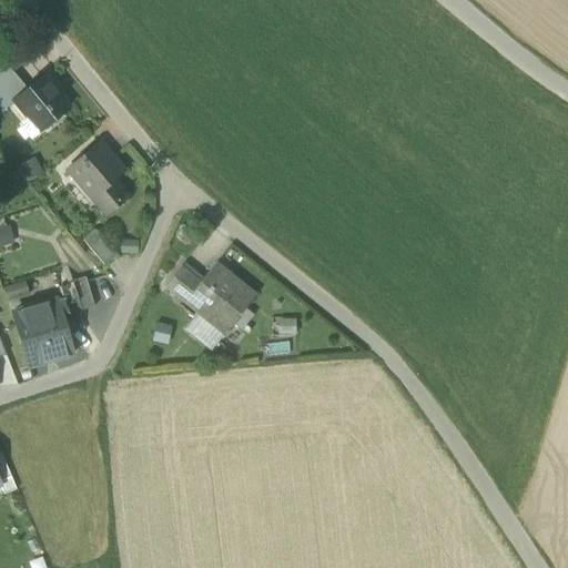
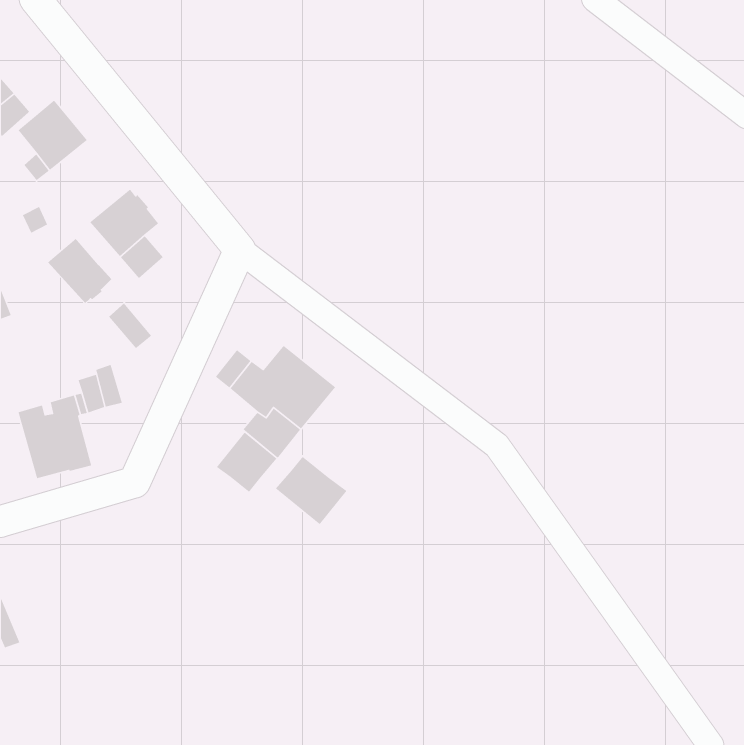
building: none -> [47,238,112,304]
building: none -> [216,432,277,493]
building: none -> [275,456,347,525]

